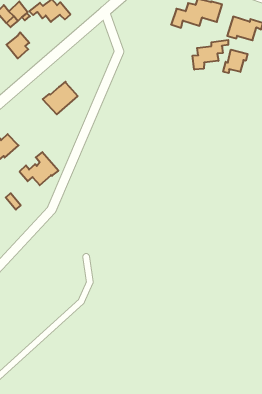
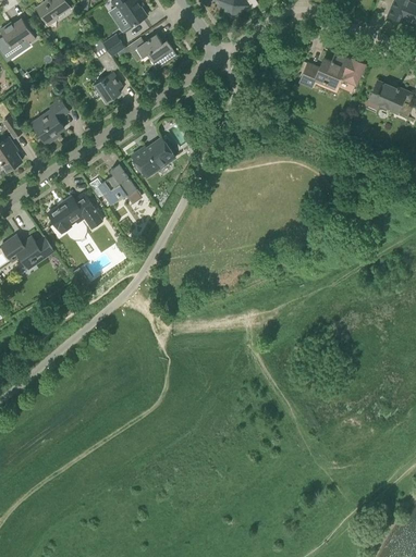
building: [193,40,228,70] -> none
building: [223,50,248,73] -> none
building: [20,152,58,185] -> [89,164,137,205]

